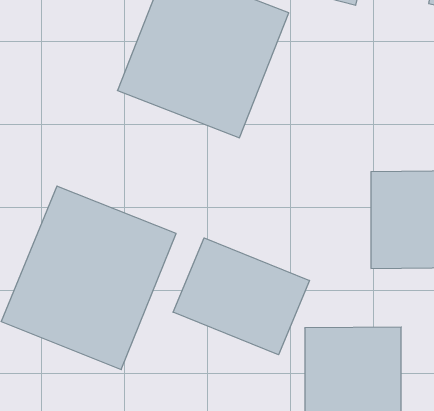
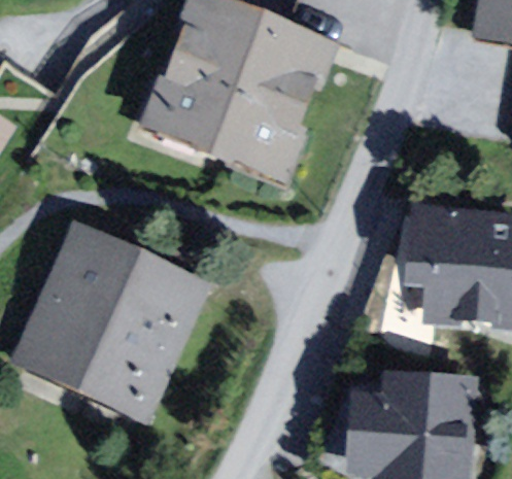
building: [173,238,309,355] -> none

